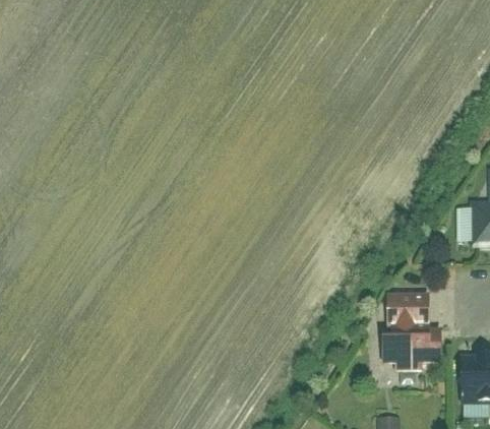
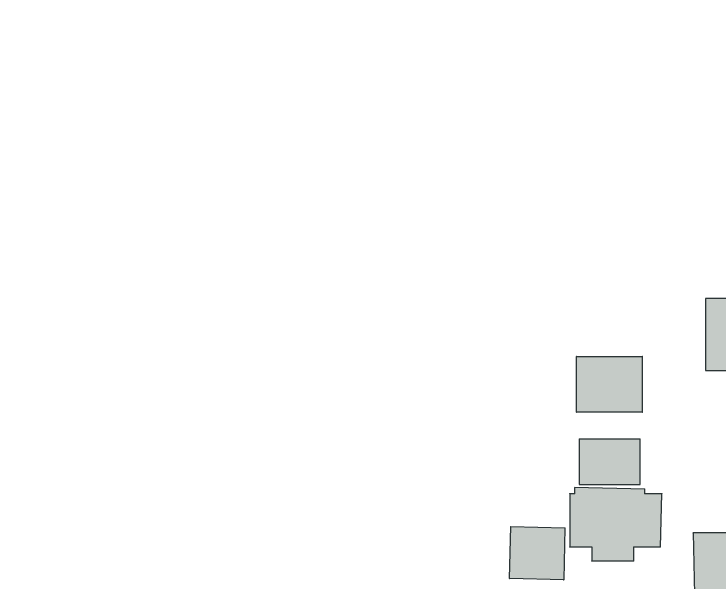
building: none -> [577,356,642,412]
building: none -> [510,527,565,580]

